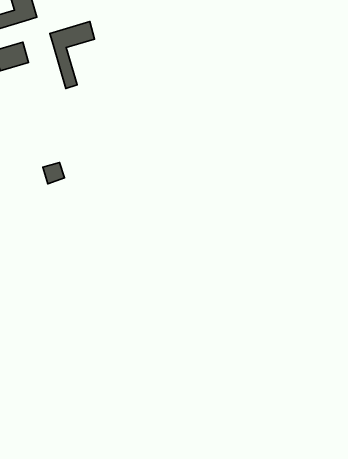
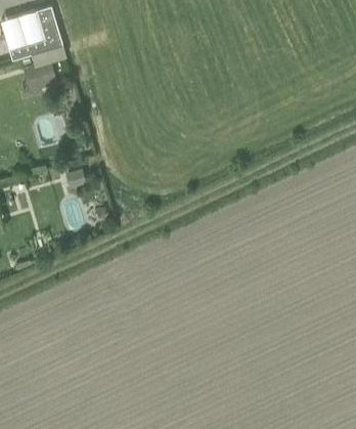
building: [50,21,95,89] -> none

